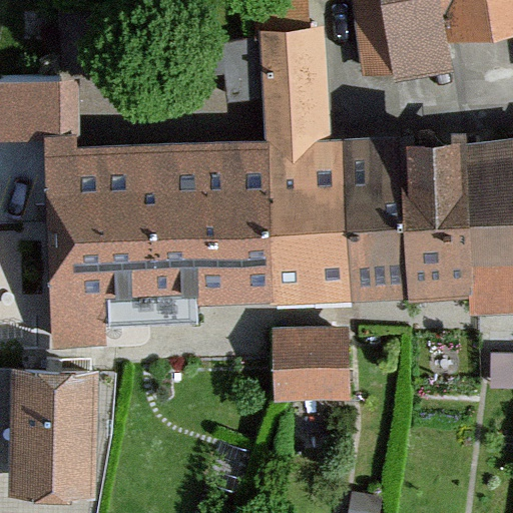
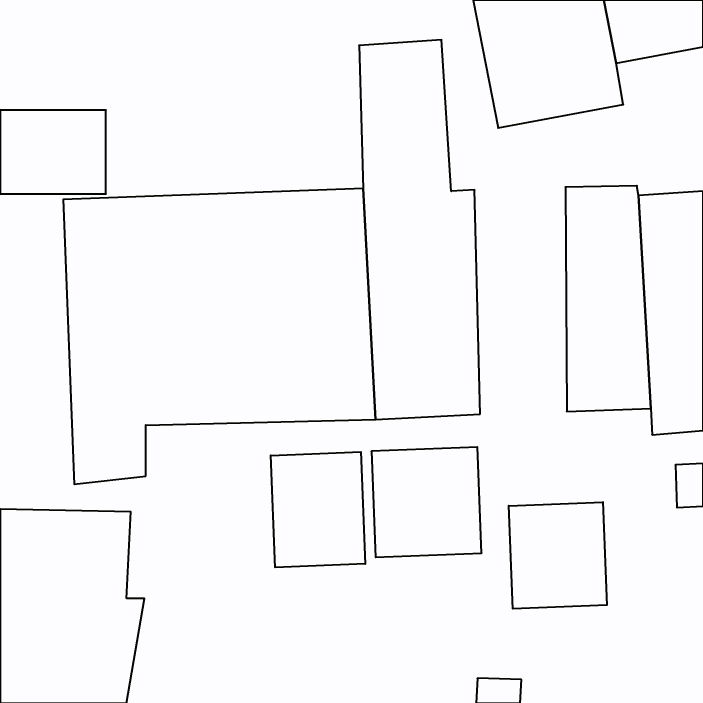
building: [346,136,413,302] -> none
building: none -> [271,452,365,567]
building: none -> [509,502,607,609]

